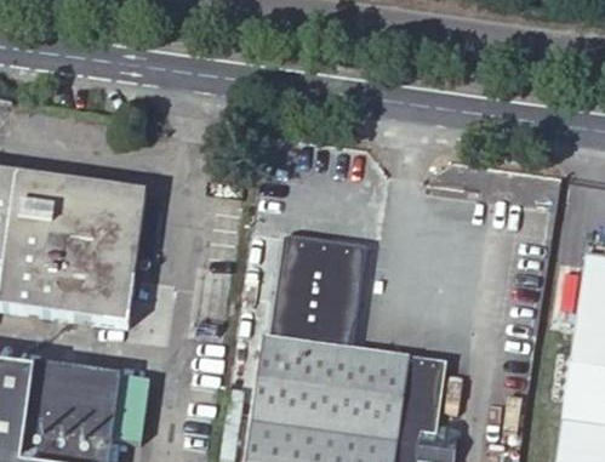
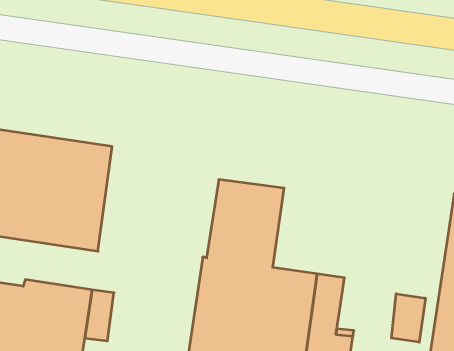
building: none -> [391,294,425,342]

